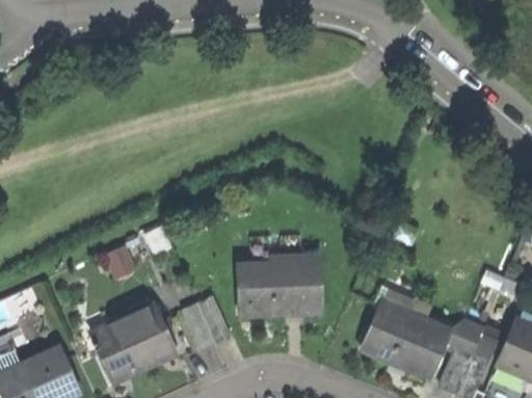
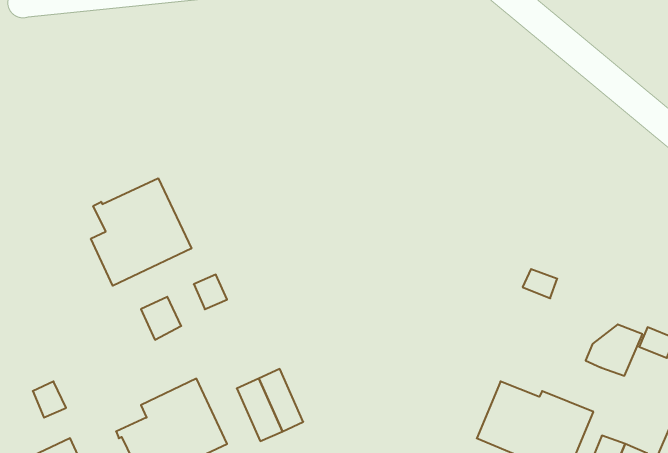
building: none -> [91,178,191,286]
building: [236,257,321,315] -> none
building: [444,315,486,353] -> [586,324,642,376]

